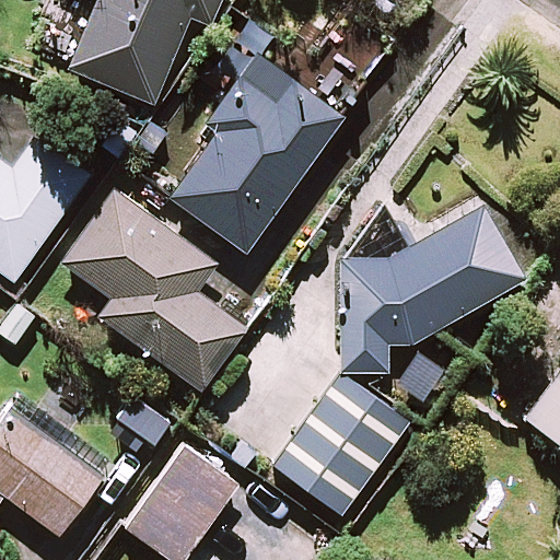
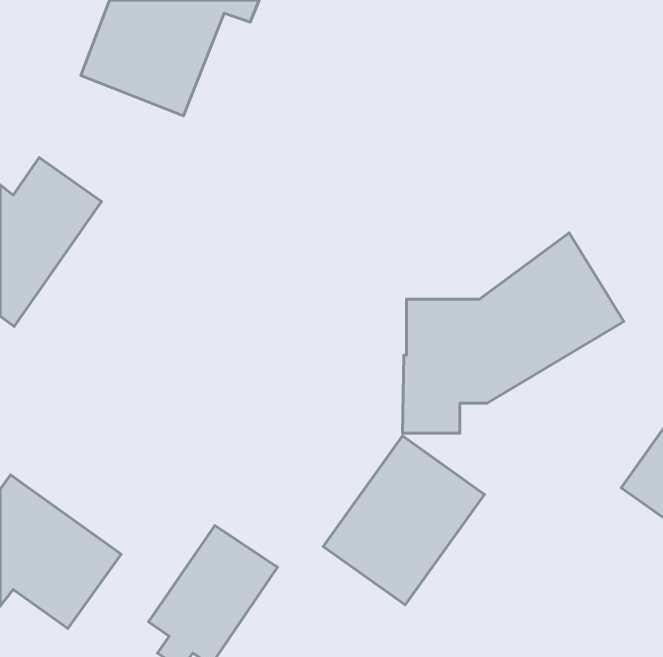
building: [172,42,343,252] -> none
building: [63,191,245,389] -> none

